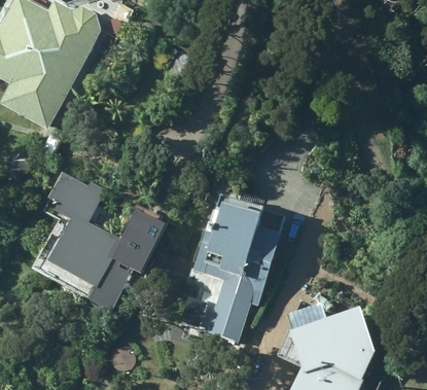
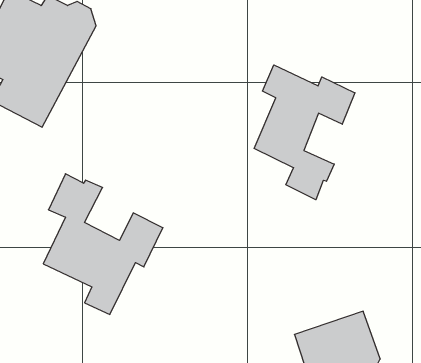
building: none -> [254,65,355,200]
building: [195,200,281,347] -> none

